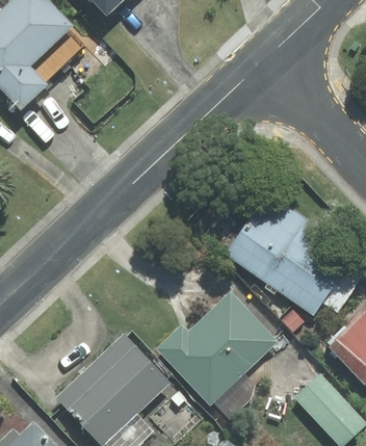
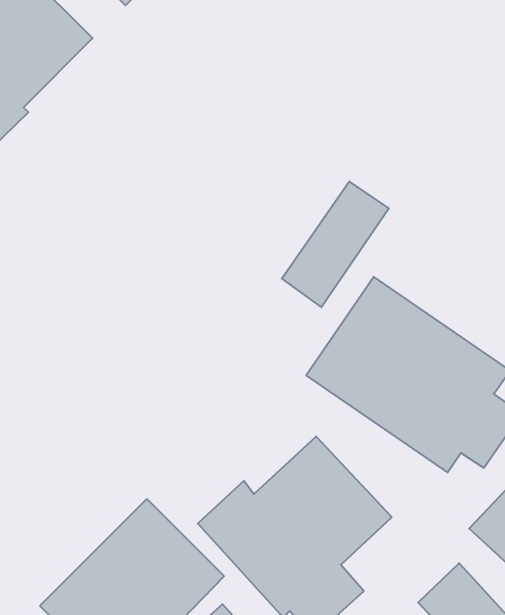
building: none -> [282,181,389,307]

